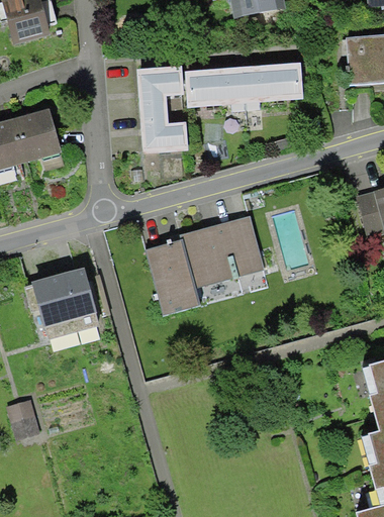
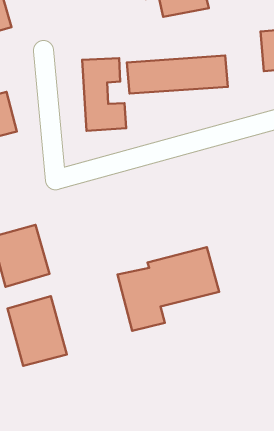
building: [142,215,262,313] -> [117,247,219,331]
building: none -> [8,296,67,366]

